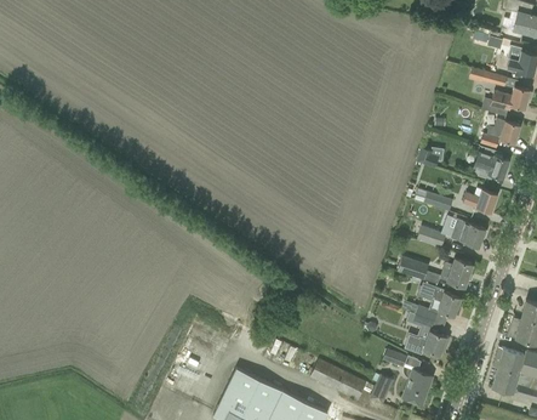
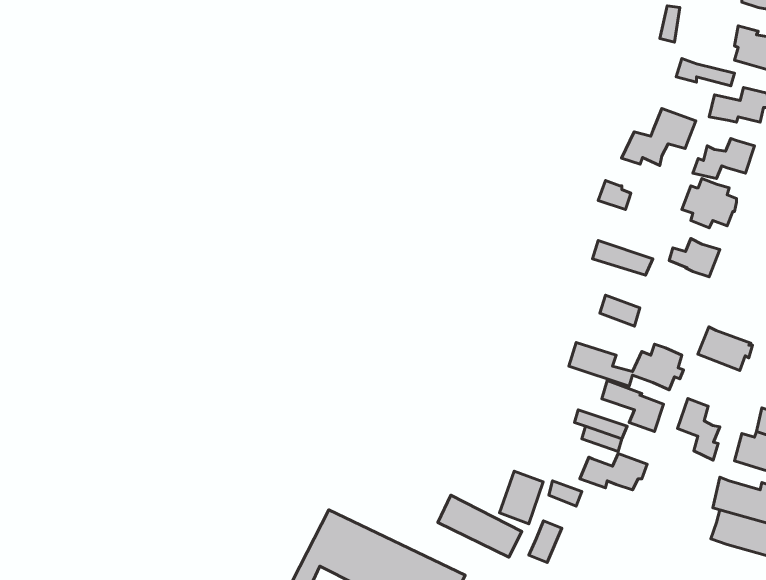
building: none -> [622,108,696,165]
building: [451,220,487,249] -> [698,327,753,371]
building: none -> [678,399,720,460]
building: [404,370,433,405] -> [500,471,543,524]

